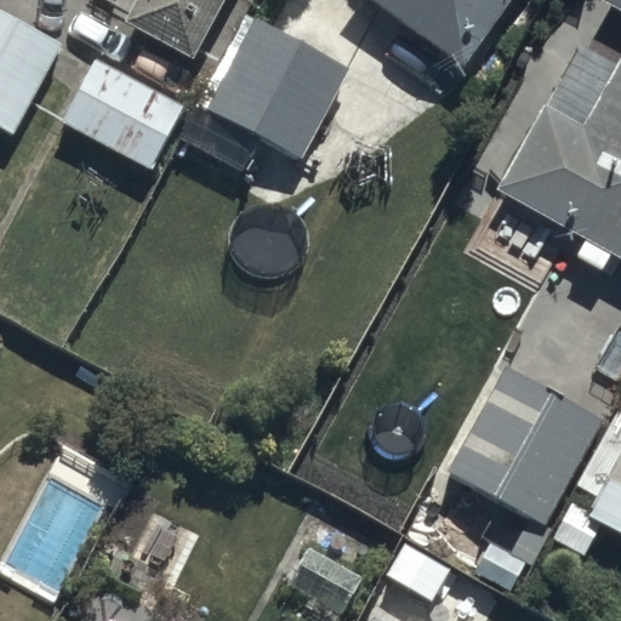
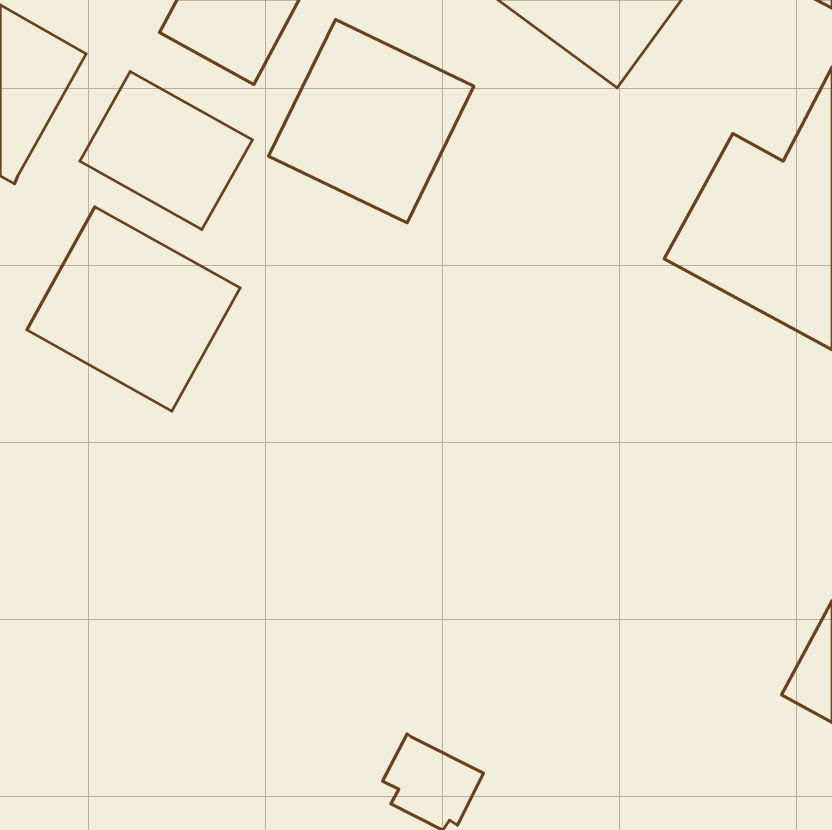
building: none -> [27,207,240,411]
building: [441,363,604,528] -> none

